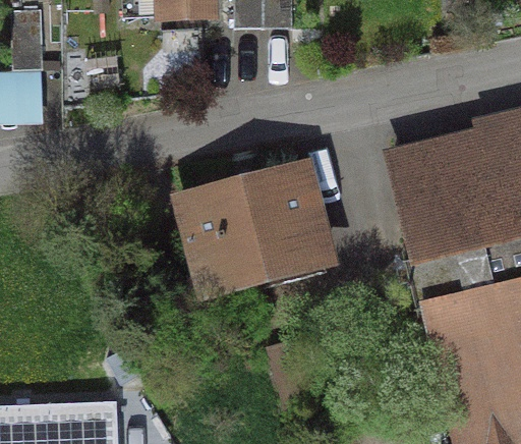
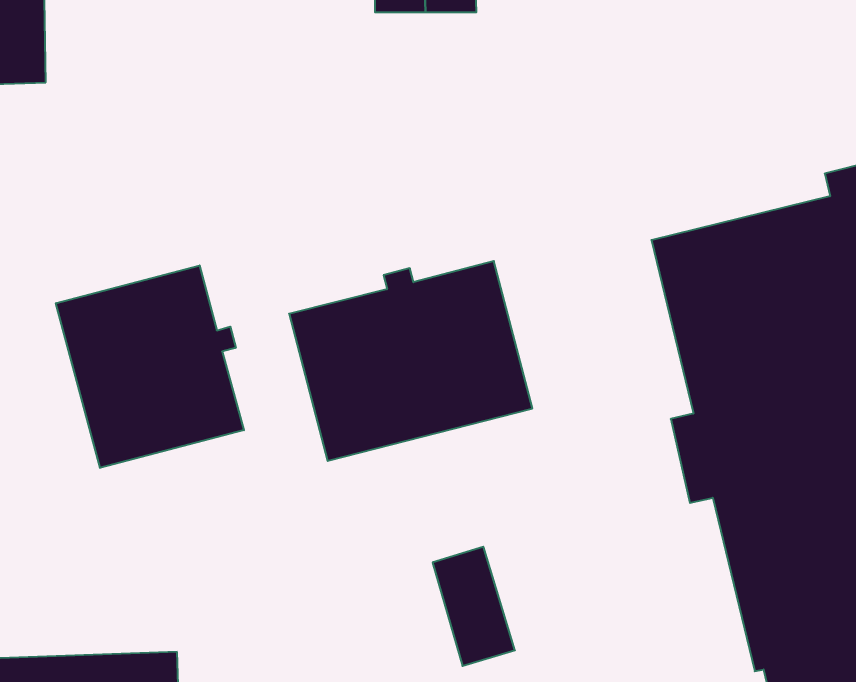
building: none -> [56,265,244,468]

